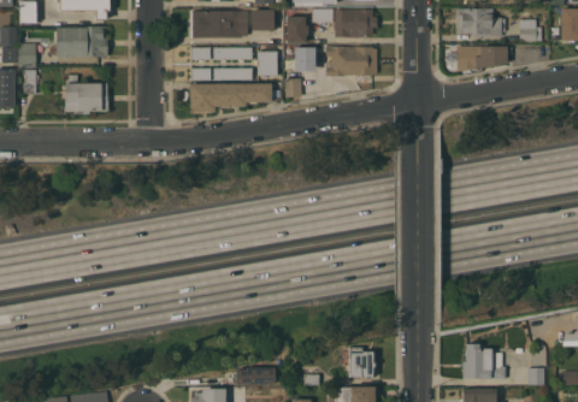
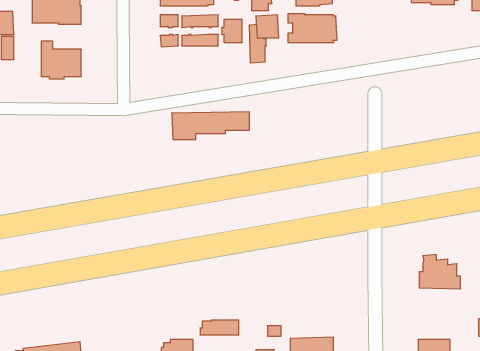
building: [456,46,511,71] -> none
building: [189,83,271,112] -> [172,112,249,139]
building: [461,343,505,379] -> [419,255,460,289]
building: [348,351,374,377] -> none

